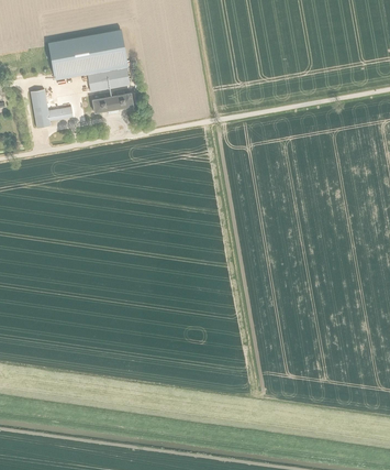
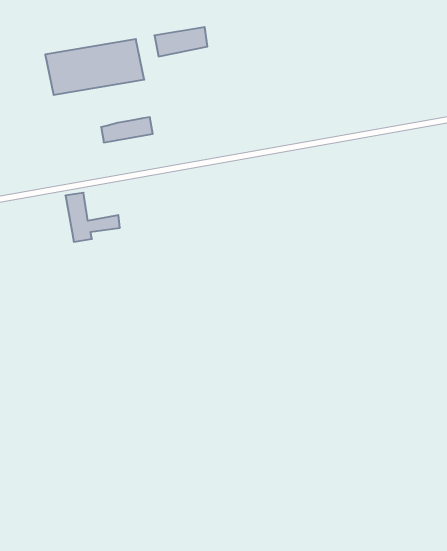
building: [87,68,129,91] -> [154,27,207,56]
building: [30,89,73,128] -> [65,193,120,242]

